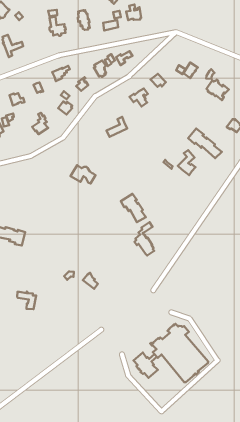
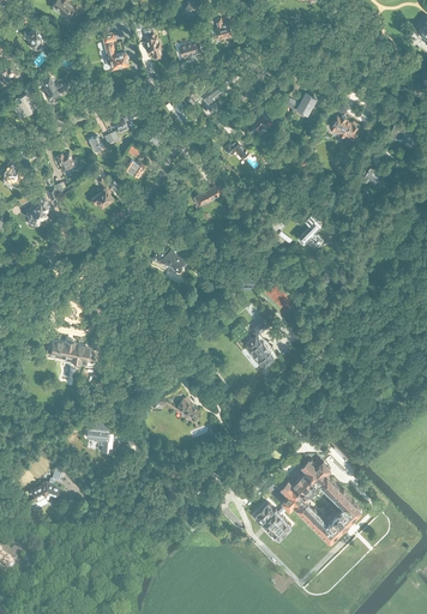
building: [188,129,222,158] -> none
building: [121,194,146,222] -> none

